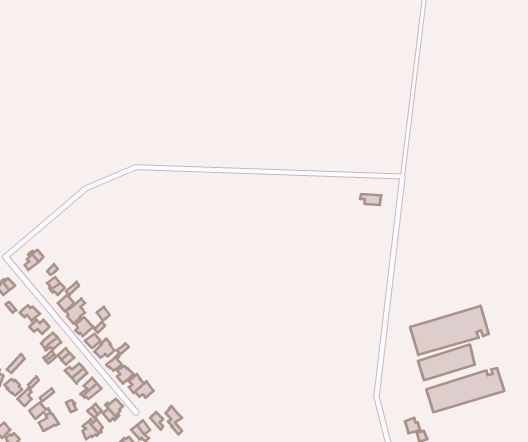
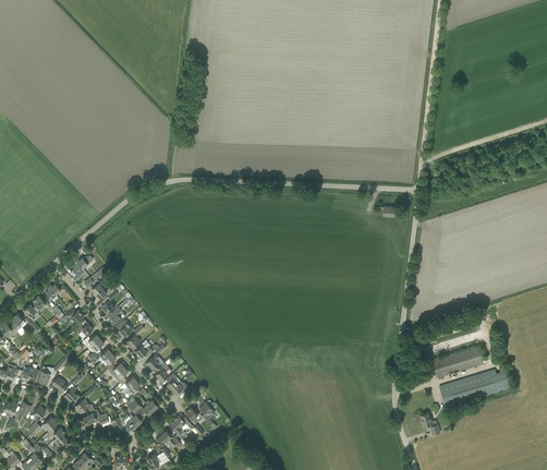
building: [410,306,489,355] -> none

